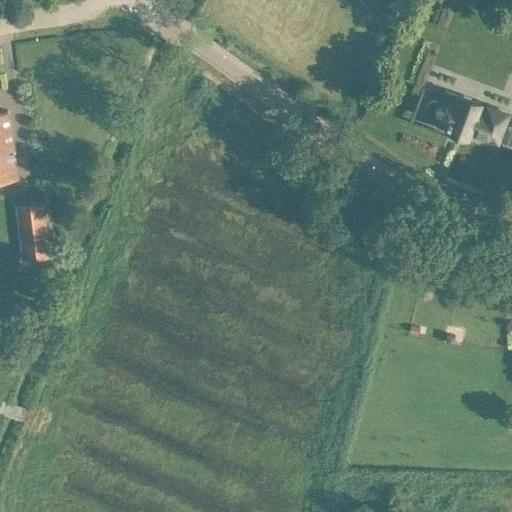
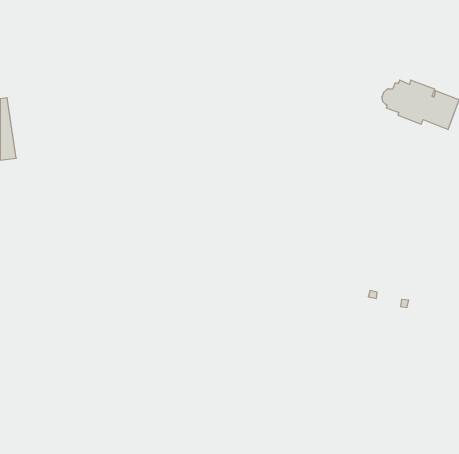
building: [15,206,51,264] -> none

